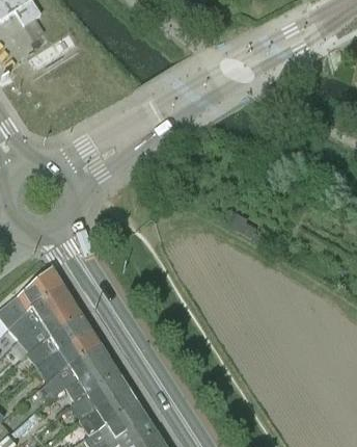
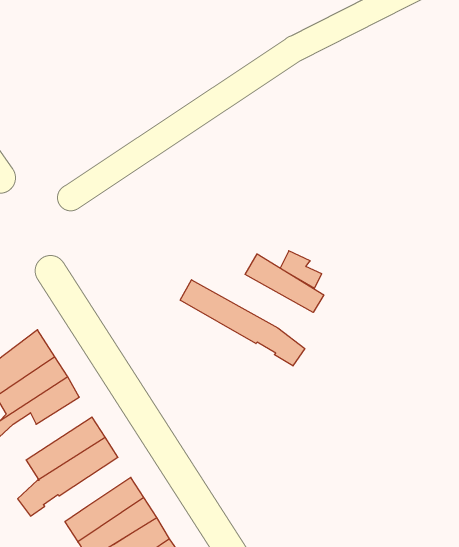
building: none -> [245,254,324,312]
building: none -> [180,280,305,366]
building: [36,316,89,362] -> none
building: [65,360,117,401] -> none

